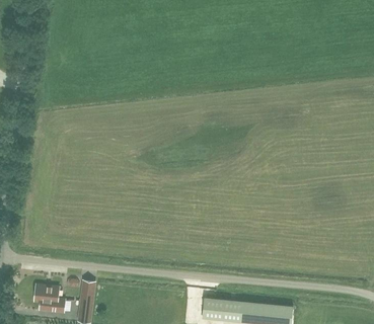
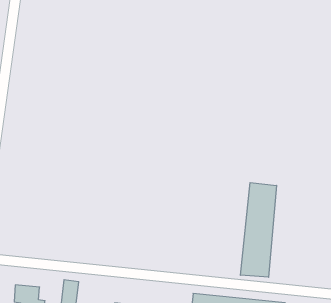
building: none -> [240,183,277,277]

